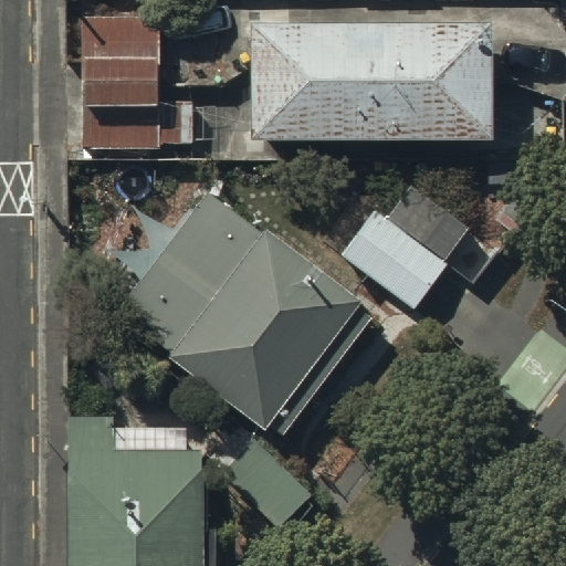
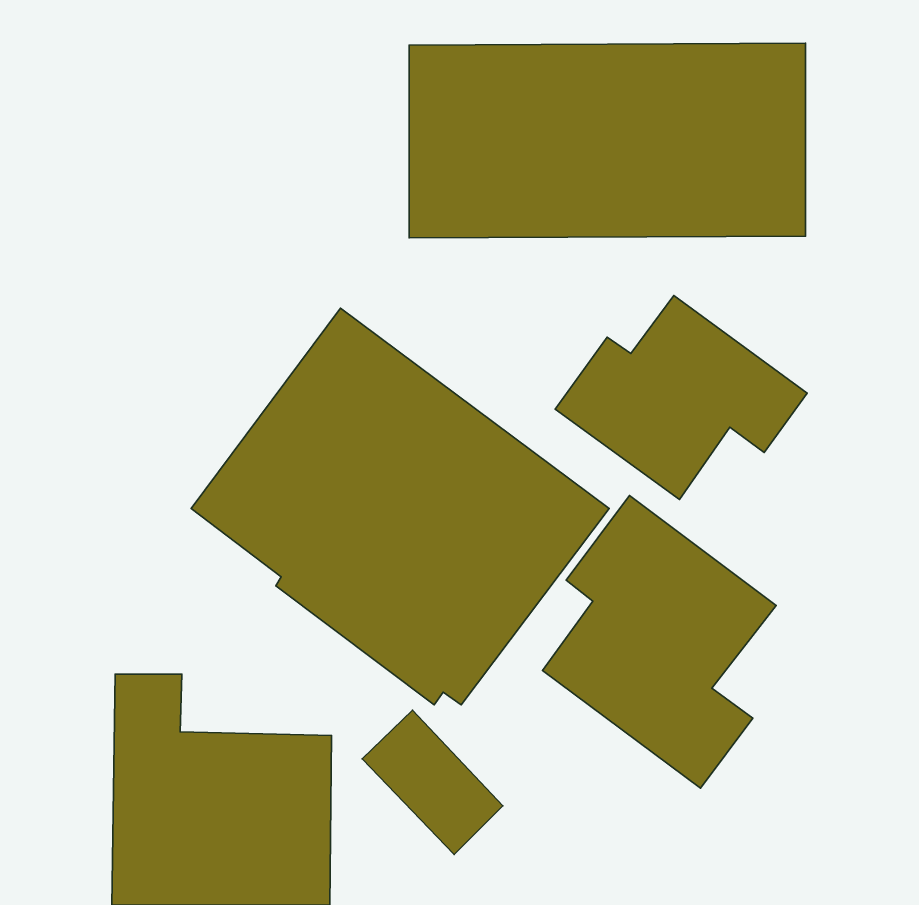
building: [81,12,190,147] -> none
building: none -> [543,495,776,788]

